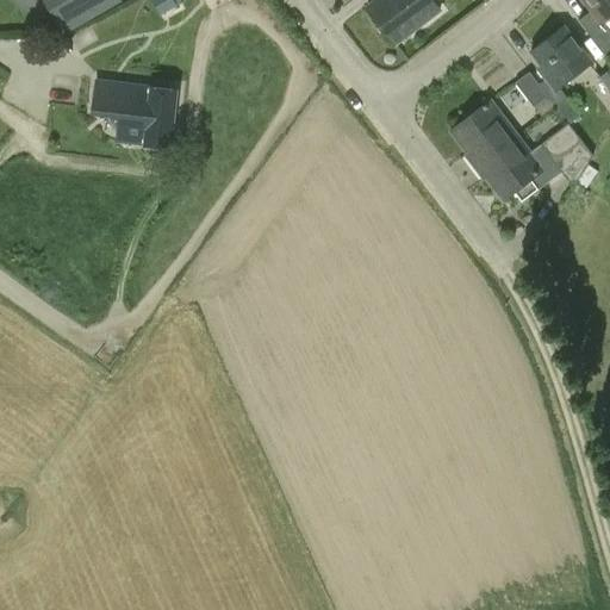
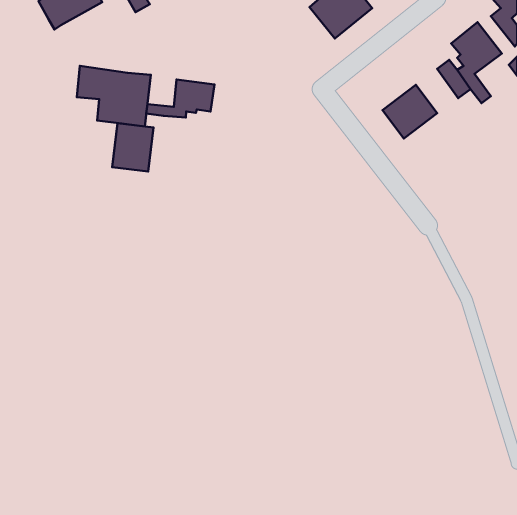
building: none -> [146,80,215,118]
building: [475,122,593,200] -> none
building: none -> [112,123,154,172]

